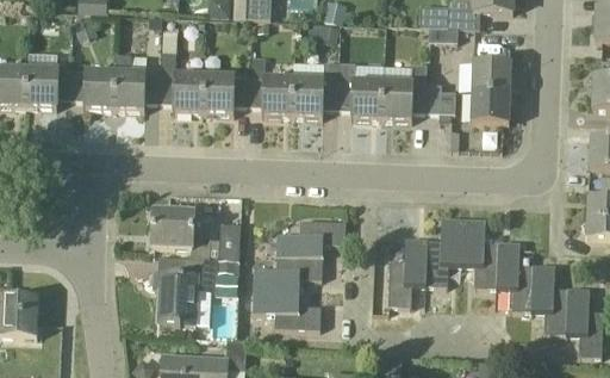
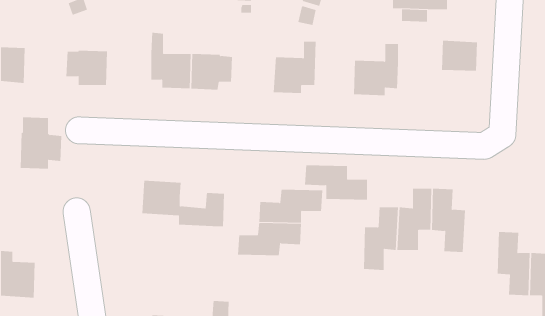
building: [26,51,71,107] -> [20,117,62,169]
building: [114,54,161,110] -> none
building: [248,55,294,116] -> none
building: [337,61,379,118] -> none
building: [425,83,455,113] -> none
building: [471,92,510,123] -> none
building: [496,242,533,310] -> none
building: [154,258,235,324] -> none
building: [253,290,320,328] -> [304,165,368,200]

